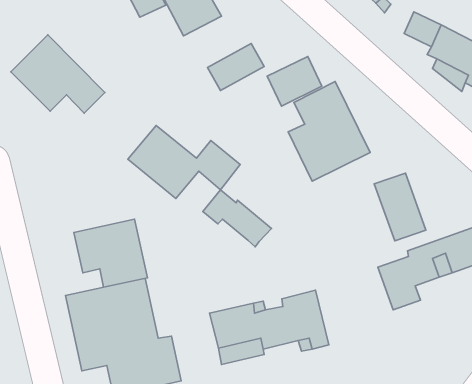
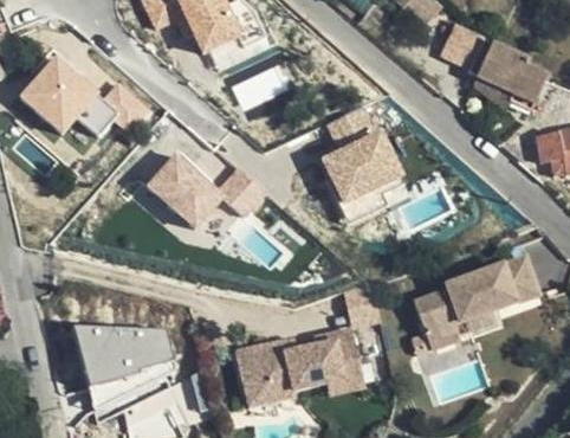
building: [267,56,322,106] -> none
building: [374,173,426,241] -> none
building: [203,190,272,247] -> none
building: [74,219,147,287] -> none

